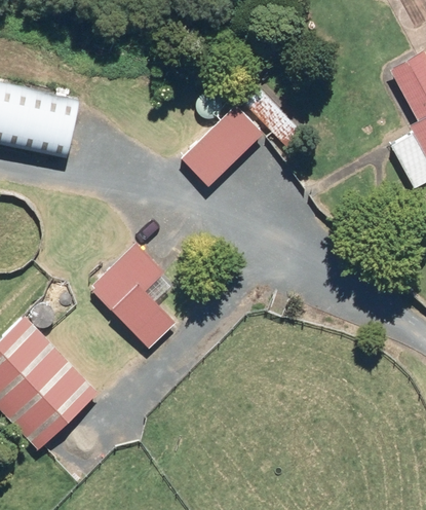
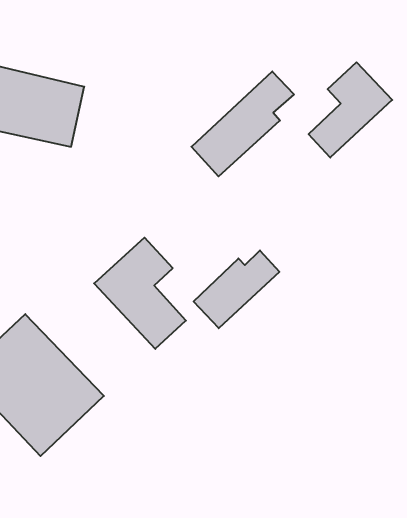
building: none -> [309,62,392,158]
building: none -> [194,250,279,328]

